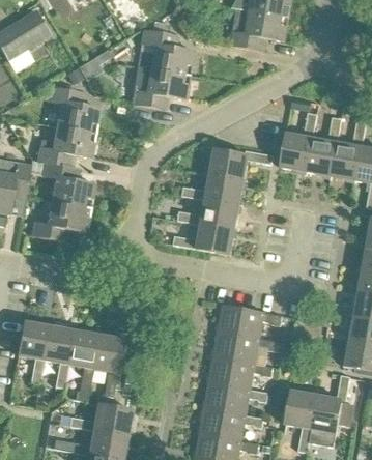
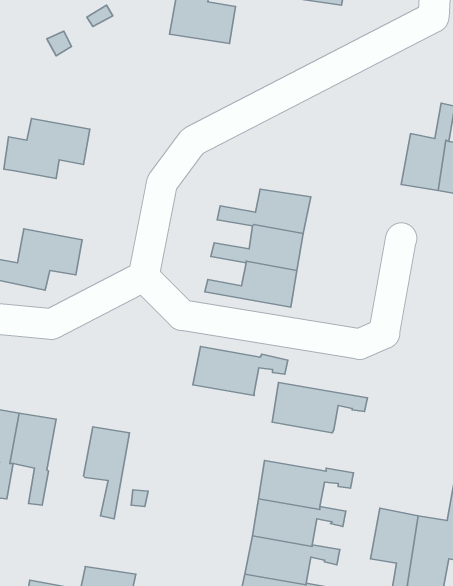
building: [131,67,190,109] -> none
building: [48,87,99,134] -> none
building: [281,112,317,171] -> none
building: [210,148,274,179] -> none
building: [42,162,94,208] -> none
building: [66,329,97,401] -> none
building: [213,332,278,365] -> [193,346,288,396]
building: [68,403,131,434] -> none

